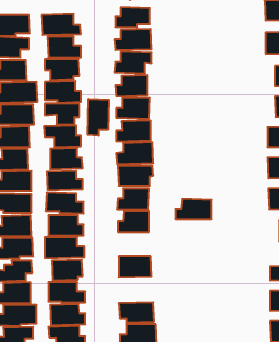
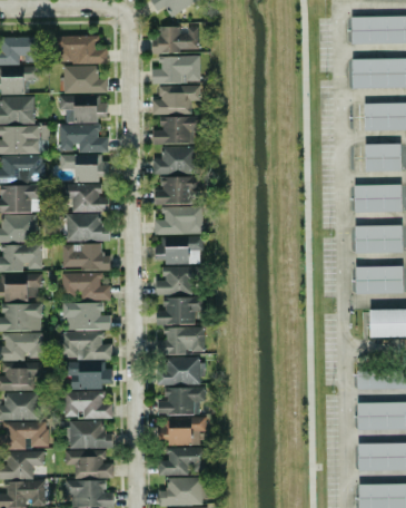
building: [87,99,109,136] -> none
building: [175,199,212,219] -> [157,328,205,354]
building: none -> [158,388,205,416]

